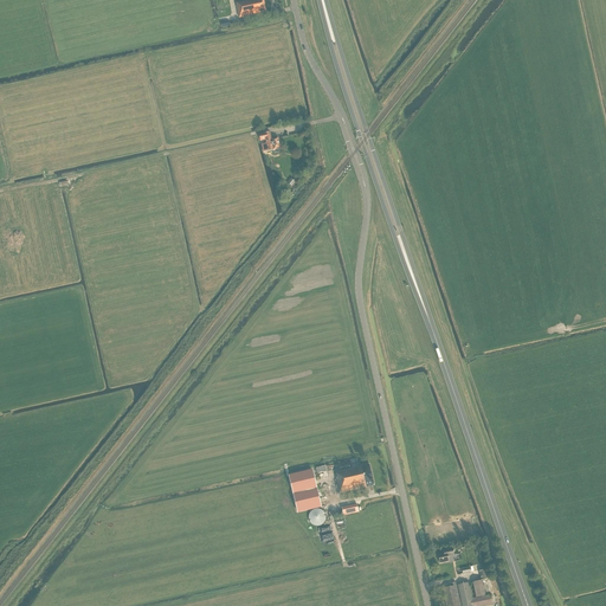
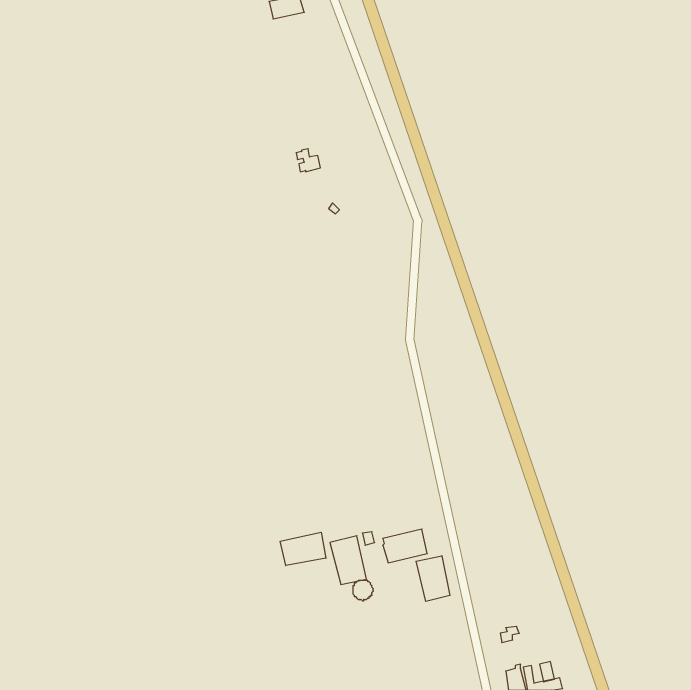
building: none -> [280,532,326,566]
building: none -> [416,556,450,601]

